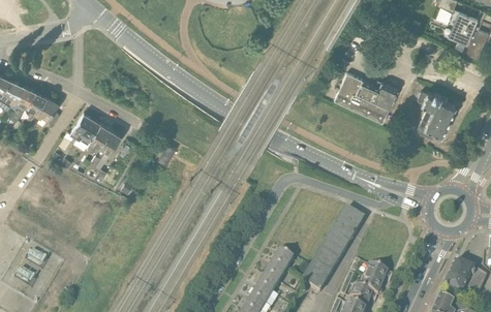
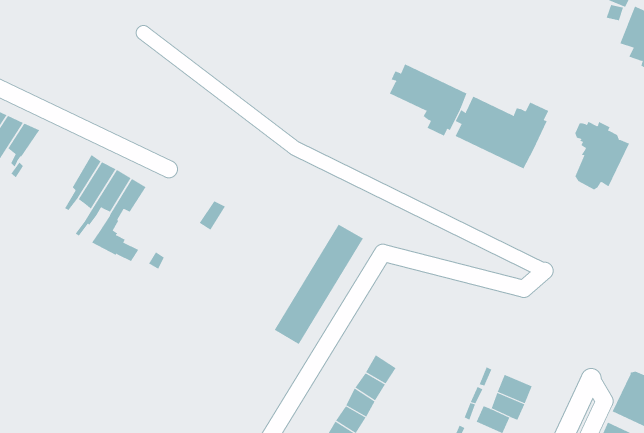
building: none -> [389,64,467,137]
building: [34,92,60,121] -> none
building: [302,206,364,289] -> [274,224,364,345]

